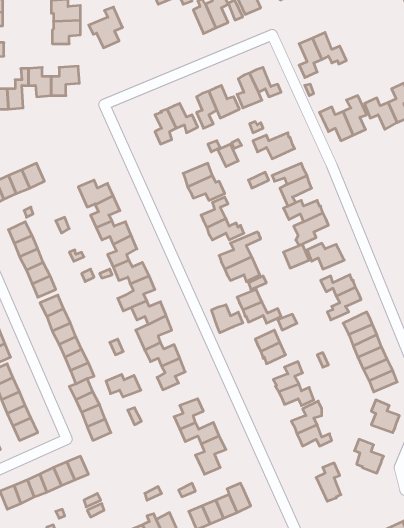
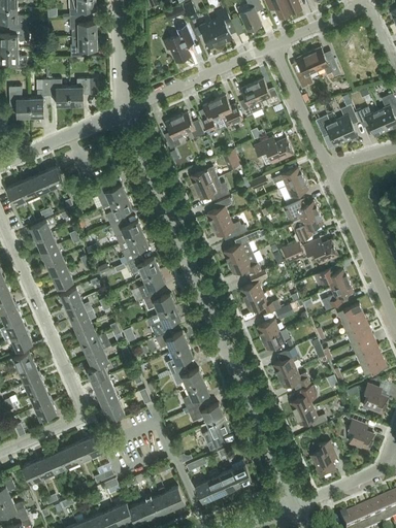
building: [89,7,123,48] -> [162,26,193,63]
building: [212,305,243,333] -> none
building: [106,374,141,397] -> [171,368,203,389]

